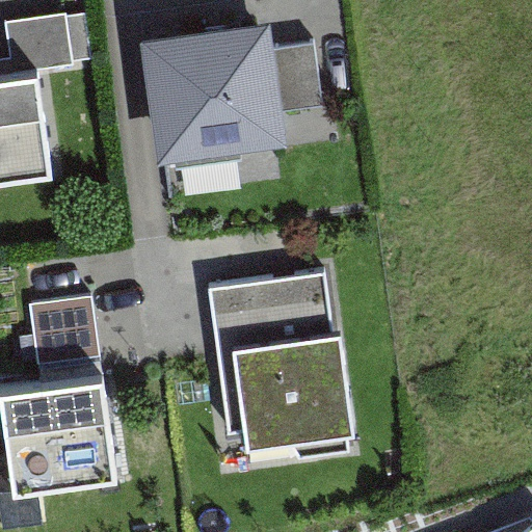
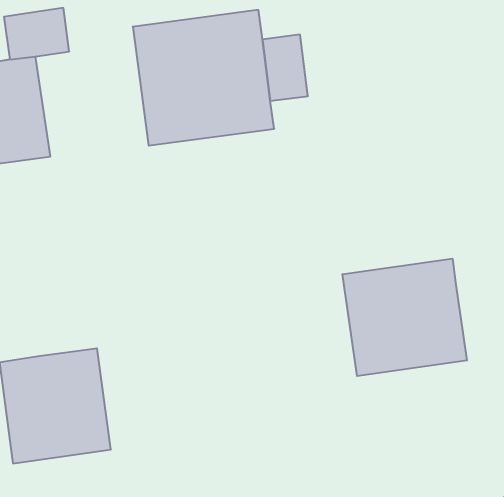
building: [208,274,355,450] -> none
building: none -> [343,259,467,376]
building: [29,300,102,383] -> none

